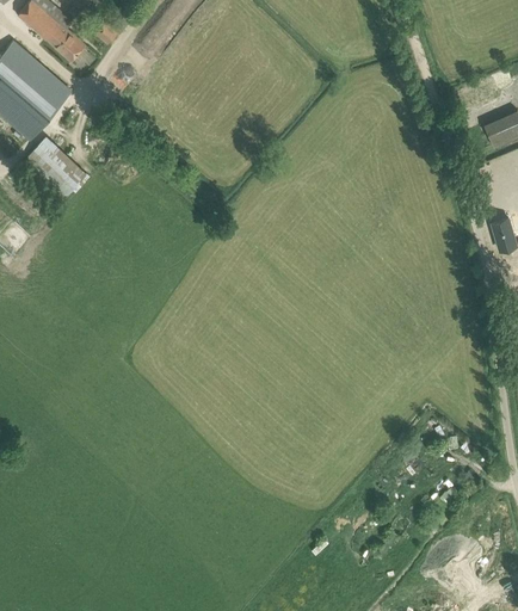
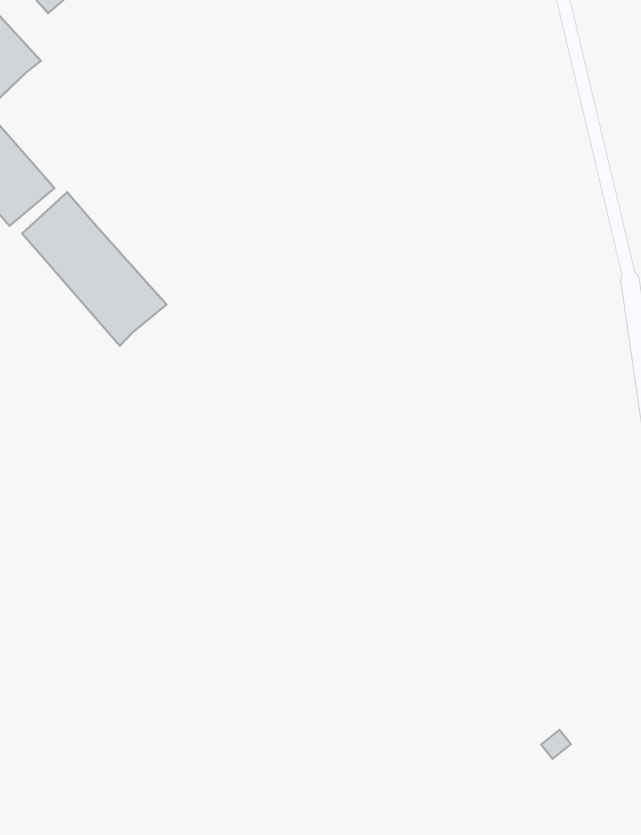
building: none -> [22,192,167,346]

